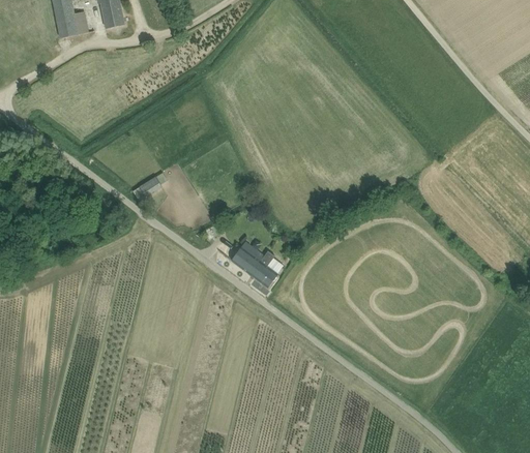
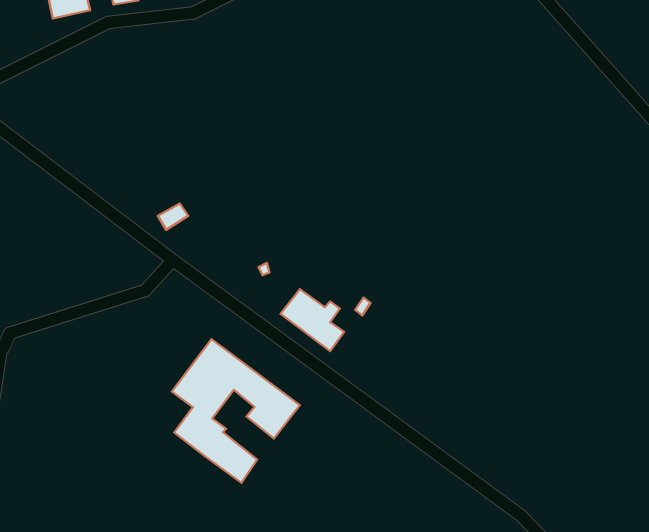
building: none -> [172,339,300,483]

